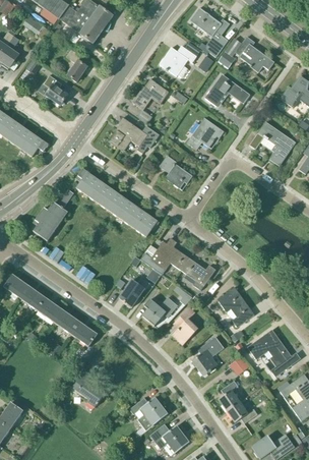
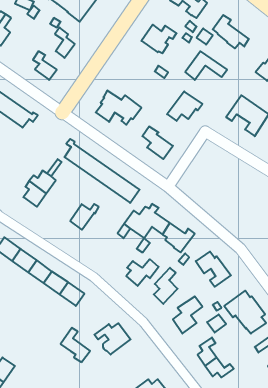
building: [132,77,168,108] -> none
building: [119,279,149,306] -> [70,204,99,230]
building: [129,396,168,429] -> [94,323,131,355]

